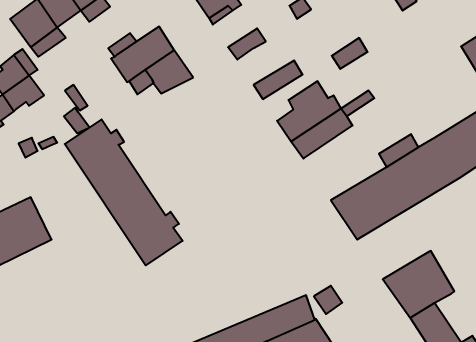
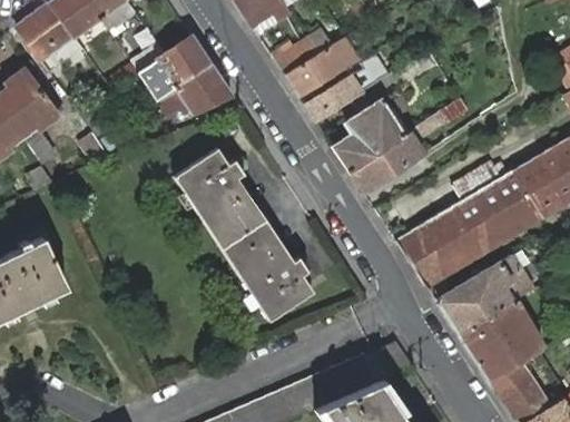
building: none -> [287,37,360,95]
building: [65,119,183,265] -> [175,147,314,320]
building: none -> [440,254,535,334]

